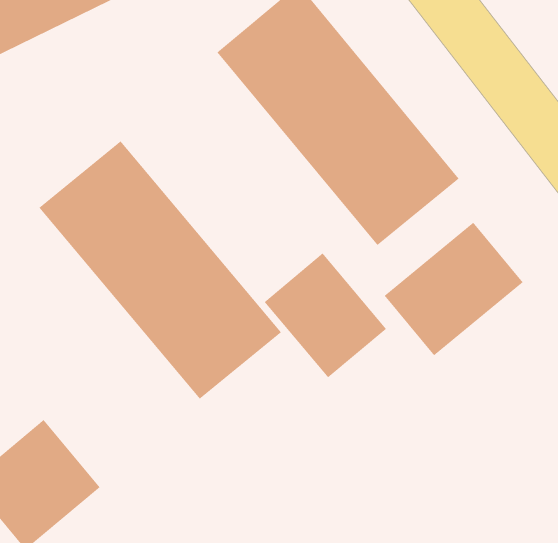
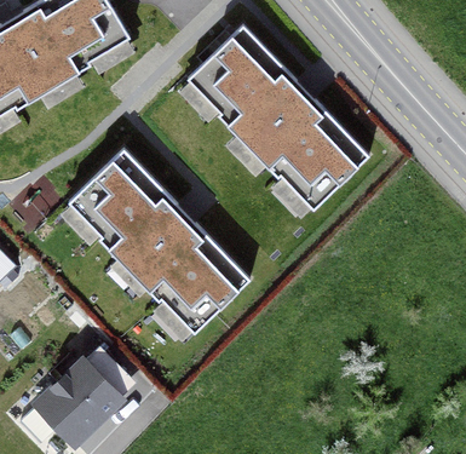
building: [384,222,524,356] -> none
building: [264,253,387,378] -> none

